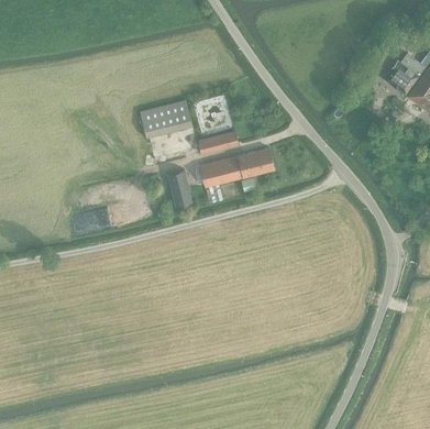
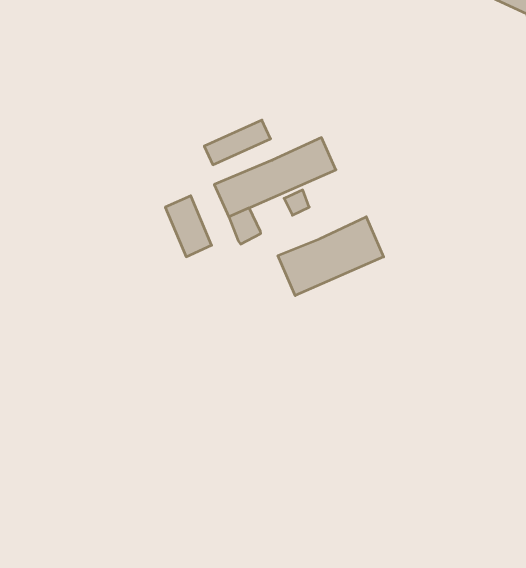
building: [140,99,192,138] -> none
building: none -> [278,217,384,296]

